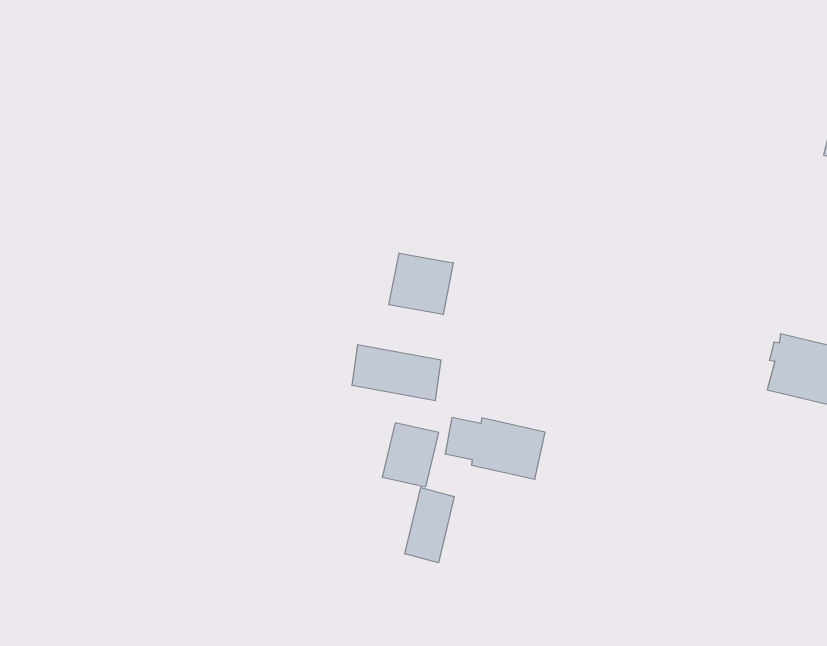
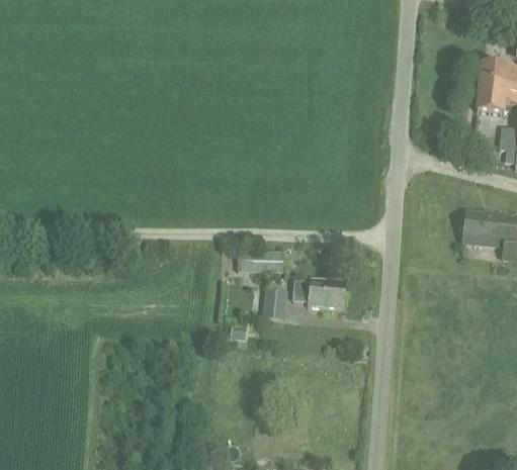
building: [389,253,453,315] -> none
building: [405,487,454,563] -> none

